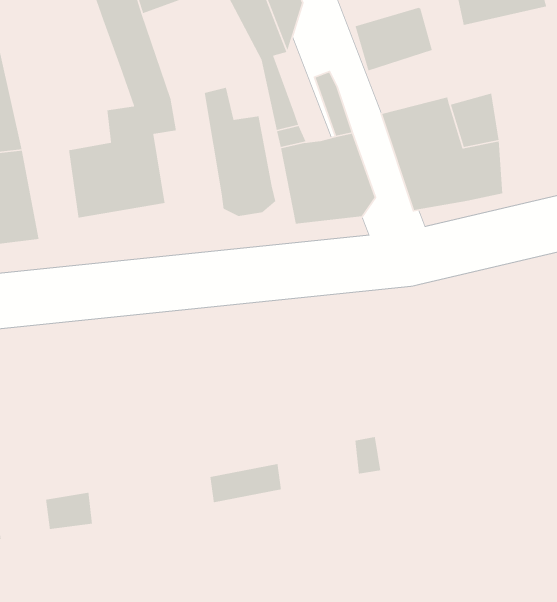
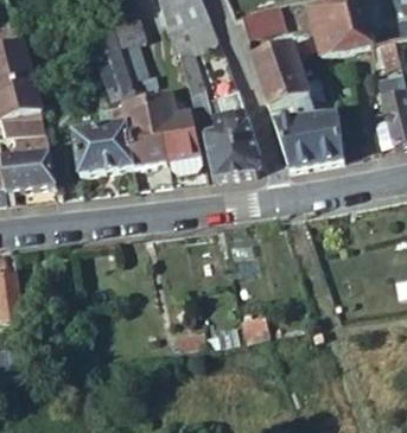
building: none -> [260,70,310,109]
building: none -> [127,96,168,165]

